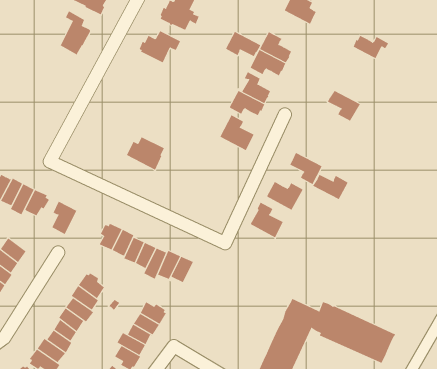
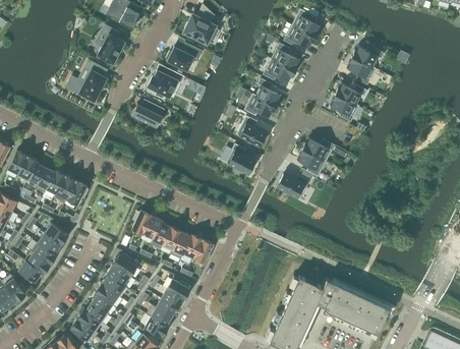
building: [225,31,261,57] -> [284,25,315,48]
building: none -> [347,57,376,85]
building: none -> [79,60,106,103]
building: none -> [148,67,184,99]
building: none -> [336,83,367,107]
building: [126,136,165,170] -> [131,100,165,129]
building: [312,174,349,200] -> [302,138,334,161]
building: [51,201,77,235] -> none
building: [250,202,284,238] -> [226,143,255,175]

